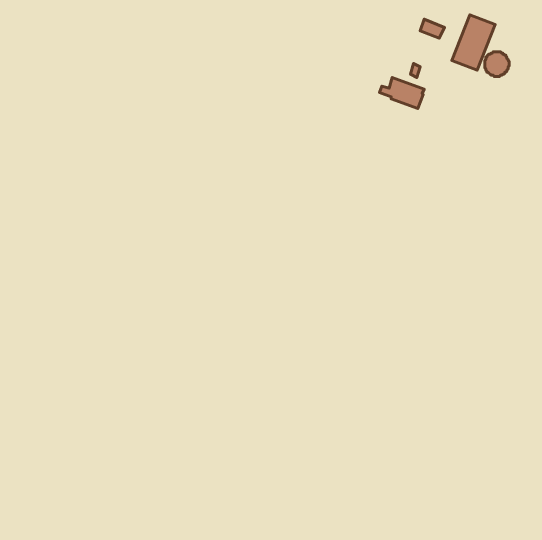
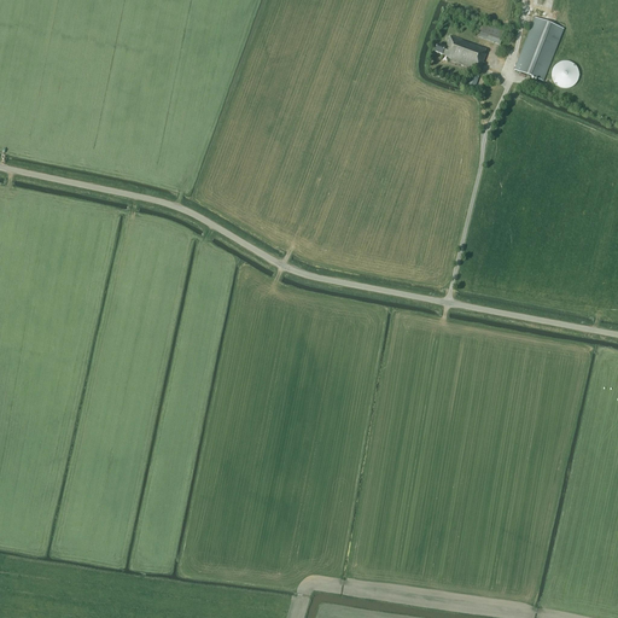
building: [380,78,424,108] -> [436,34,486,69]

